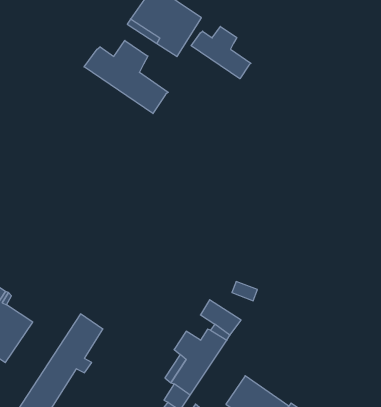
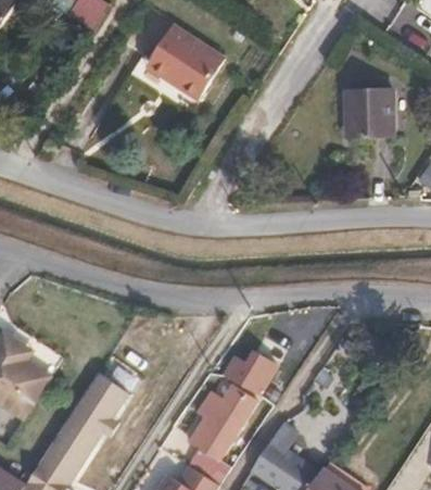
building: [191,26,251,79] -> none
building: [84,40,168,114] -> none
building: none -> [352,89,395,140]

